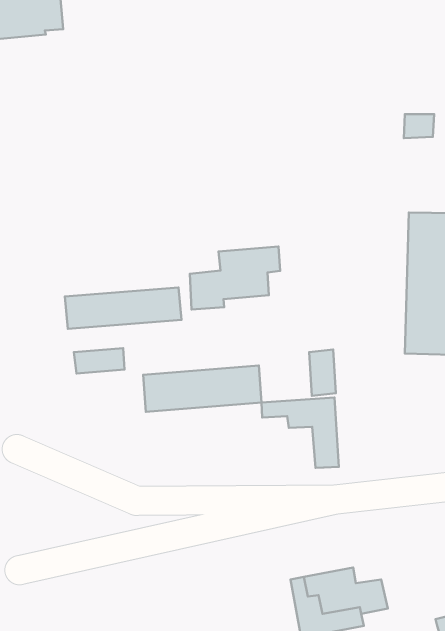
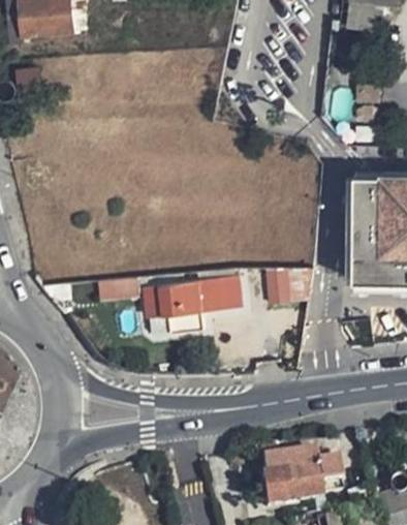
building: [190,247,280,310] -> none
building: [65,287,182,329] -> none
building: [261,398,339,468] -> none

